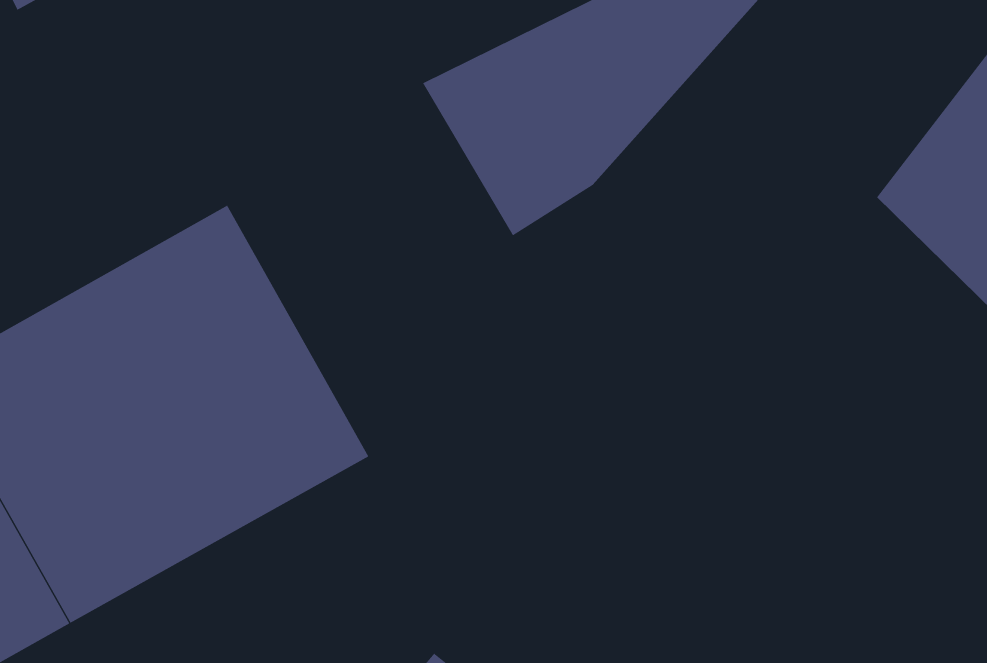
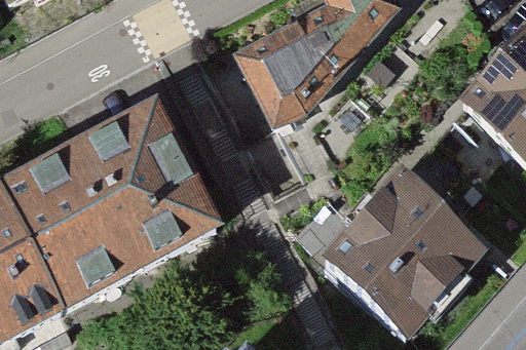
building: none -> [321,169,486,336]

